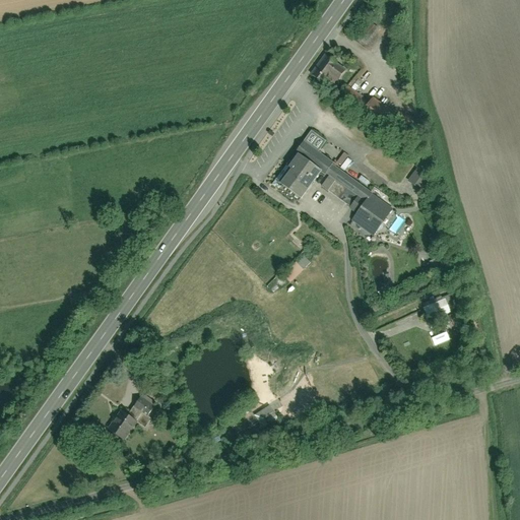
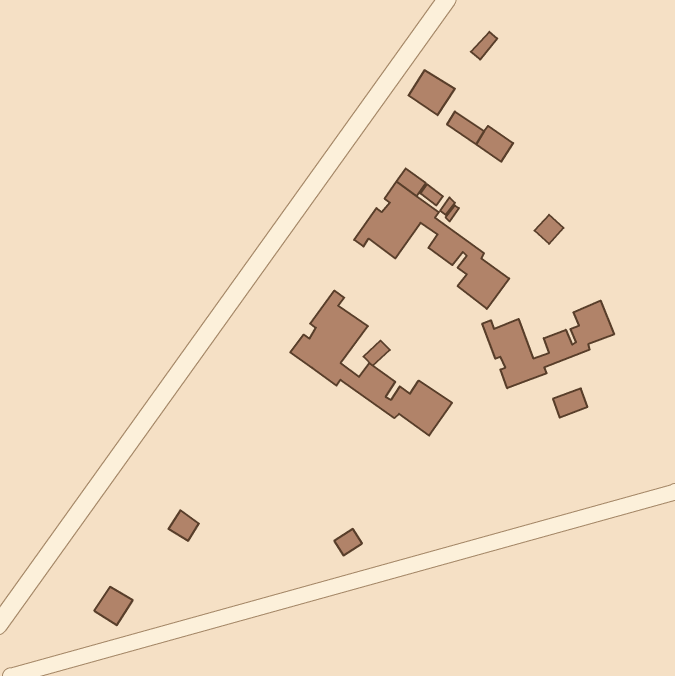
building: none -> [290,291,452,436]
building: none -> [482,301,614,388]
building: [104,409,133,439] -> [94,587,133,625]

